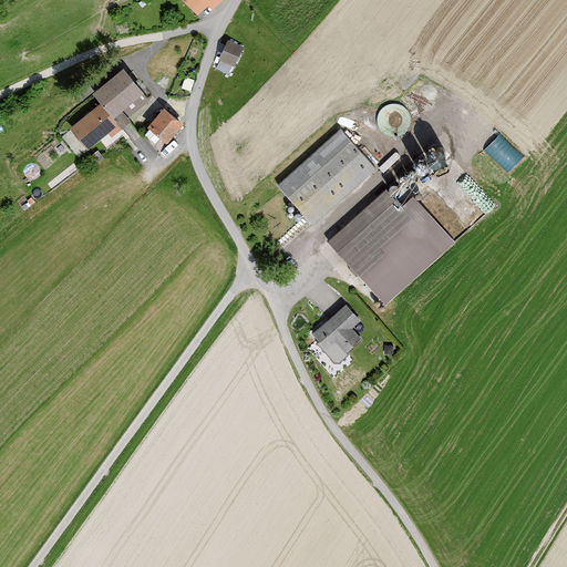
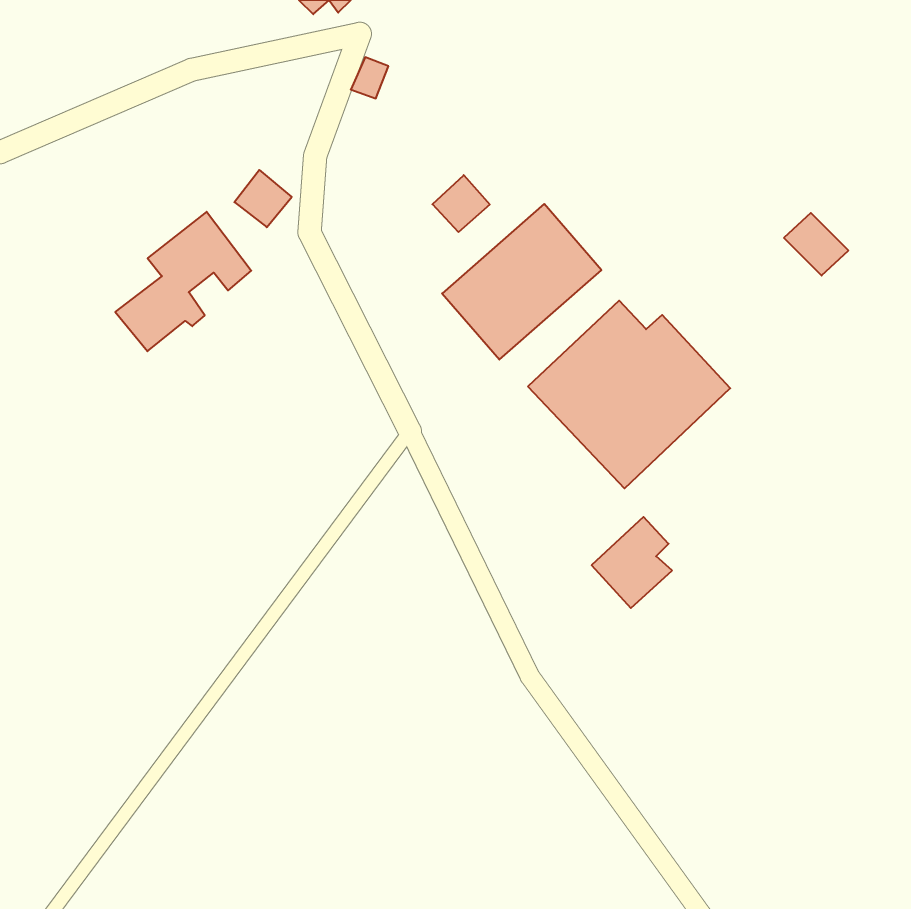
building: [65,66,150,153] -> [115,212,251,351]
building: none -> [432,175,490,232]
building: [312,305,362,361] -> [592,517,672,608]

